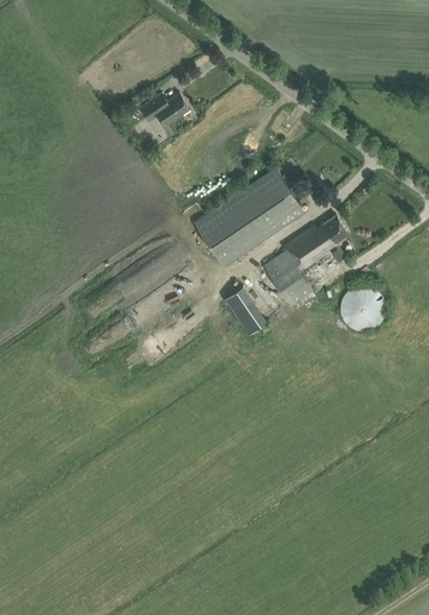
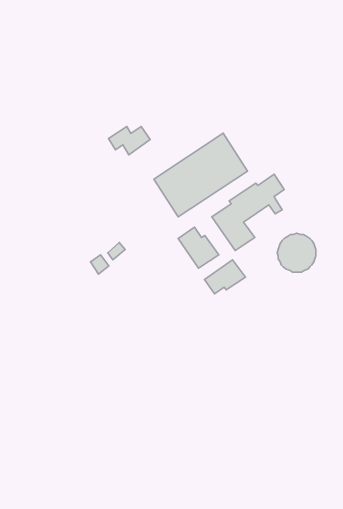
building: [139,95,189,129] -> [108,126,150,155]
building: none -> [204,260,245,294]

